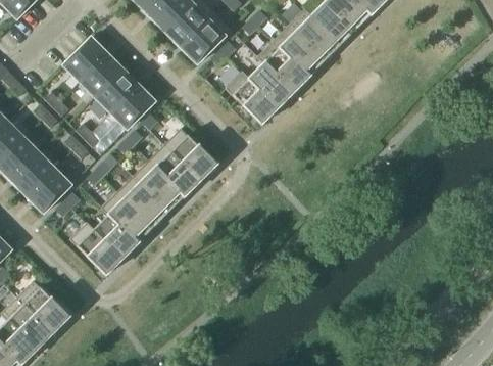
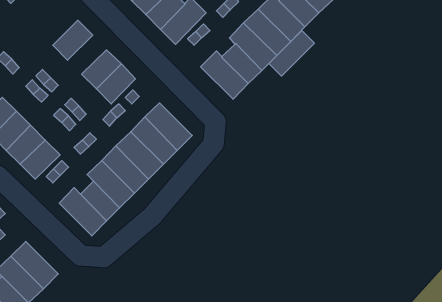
building: none -> [269,31,314,76]
building: [80,54,122,97] -> none

